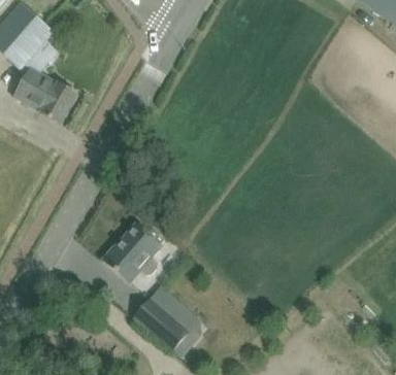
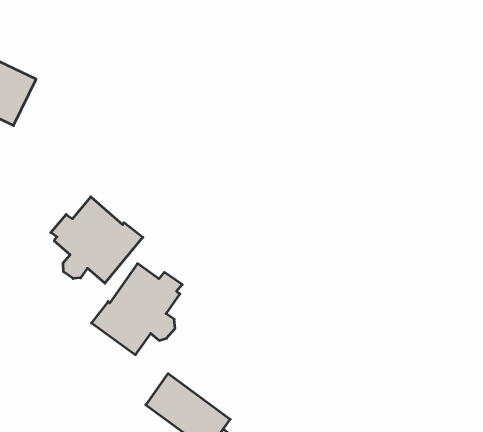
building: none -> [51,197,143,283]

